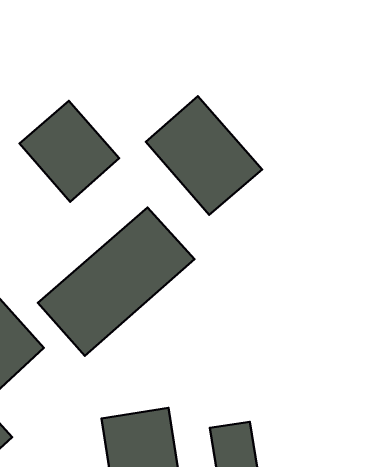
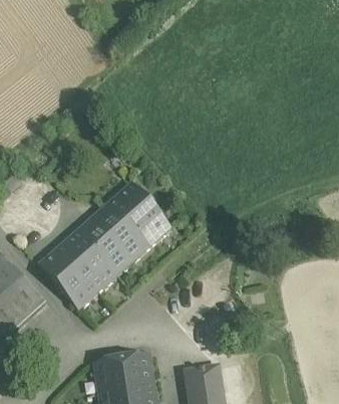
building: [146,96,262,215] -> none
building: [20,101,119,202] -> none

